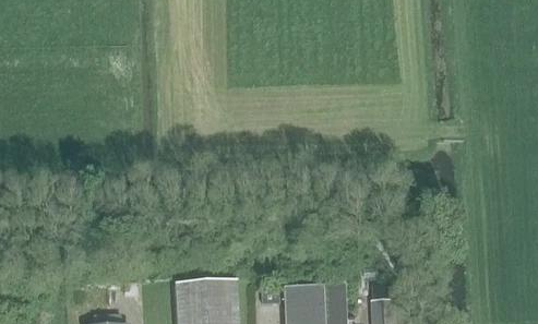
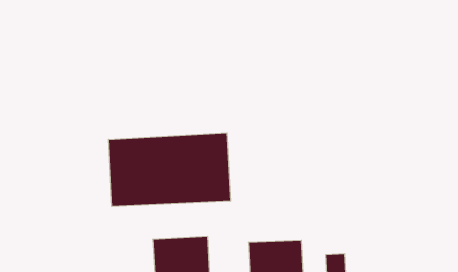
building: none -> [108,133,231,206]

